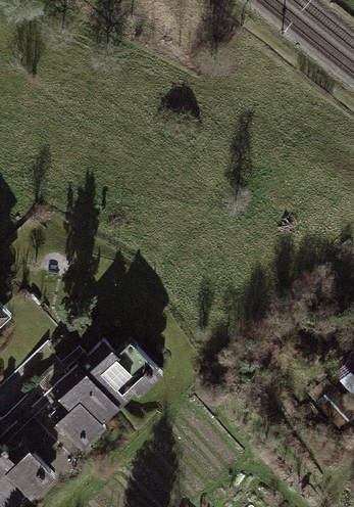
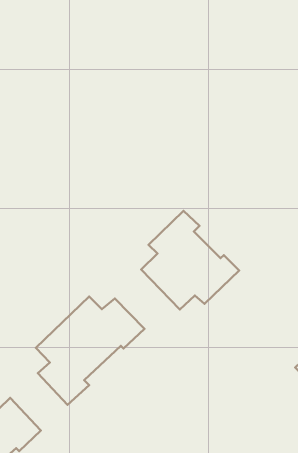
building: none -> [141,211,239,310]

